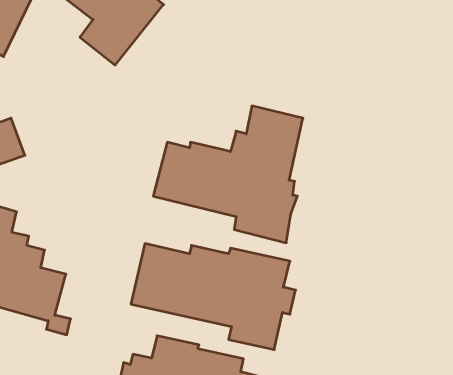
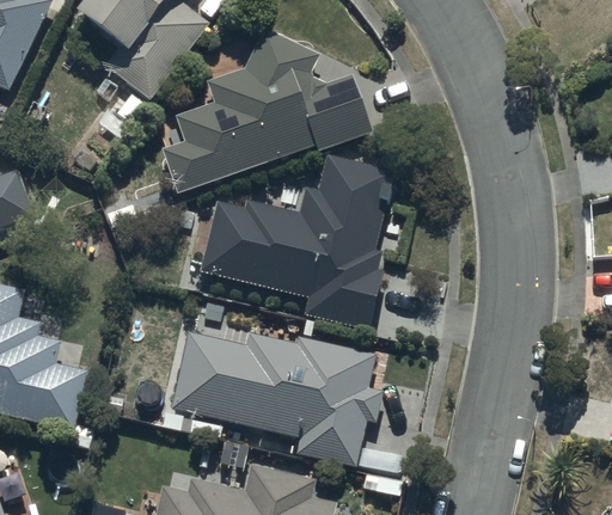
building: none -> [160,27,373,194]

